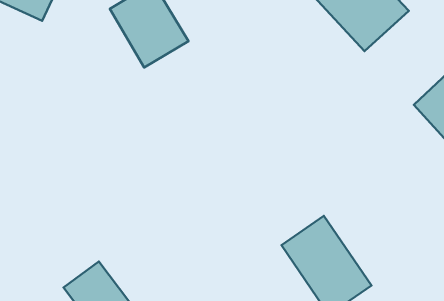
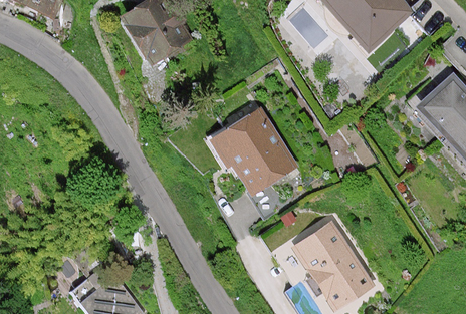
building: none -> [208,104,300,201]

